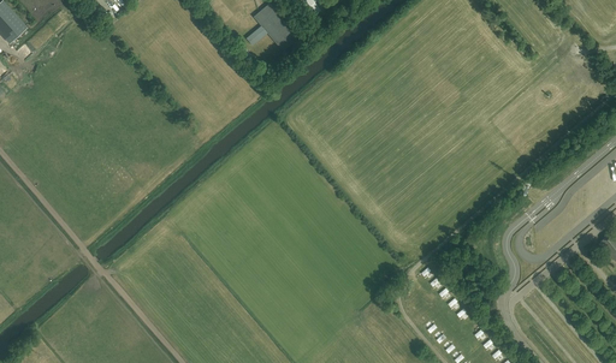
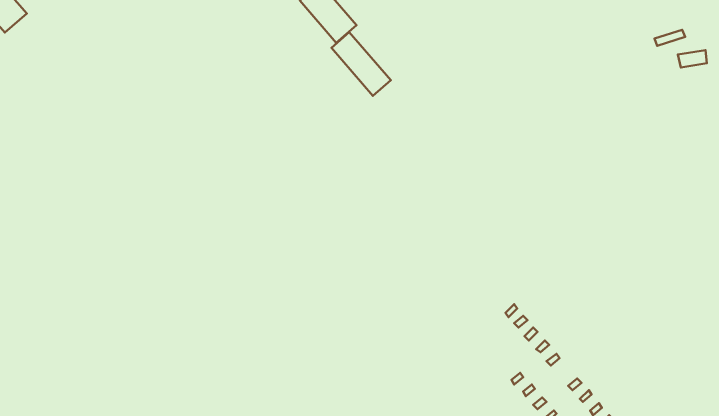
building: none -> [331,32,391,96]

